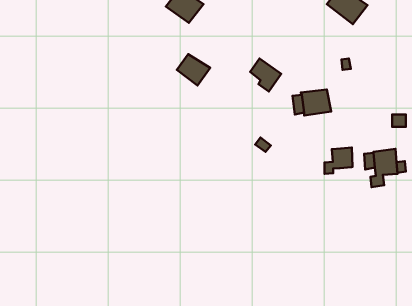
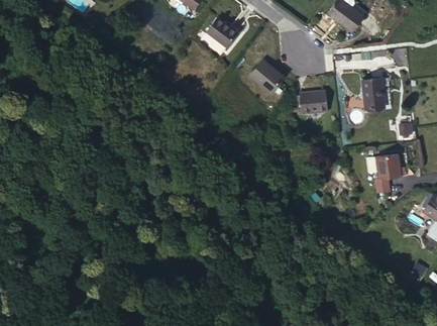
building: [177,54,210,85] -> [207,17,239,47]
building: none -> [362,79,386,115]
building: [324,147,352,174] -> none

